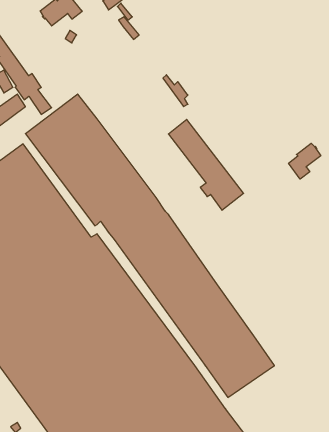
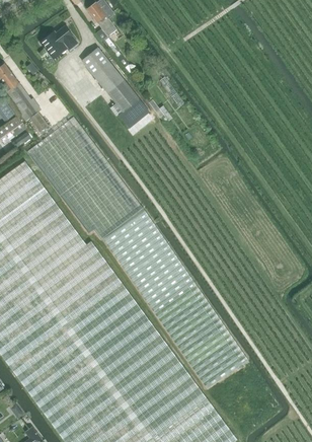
building: [168,119,244,210] -> [82,48,149,129]
building: [289,143,321,179] -> none

